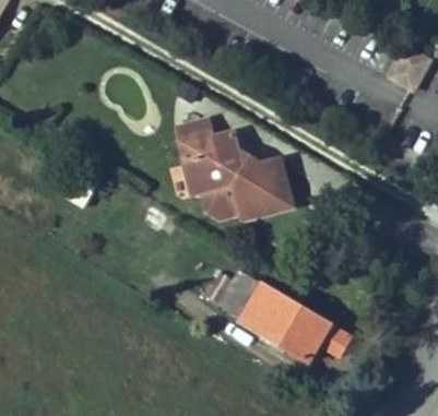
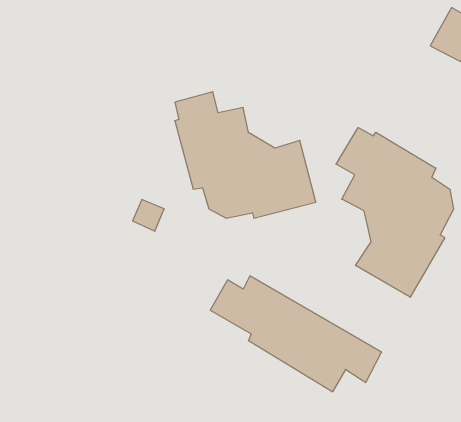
building: none -> [336,128,453,297]

